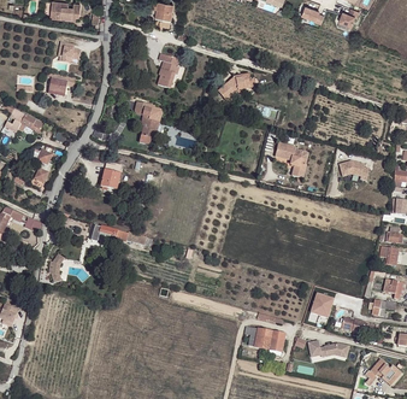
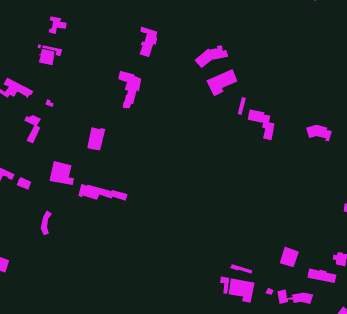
building: none -> [206,68,238,97]
building: none -> [49,160,74,186]

